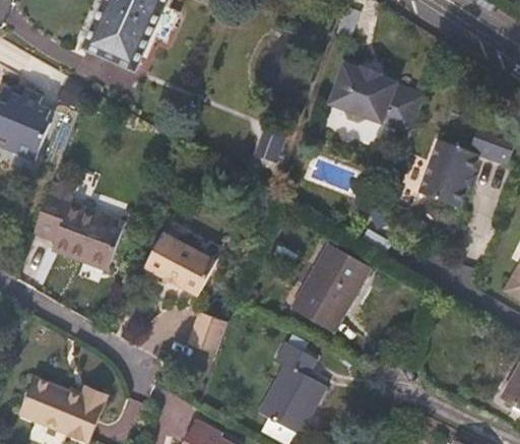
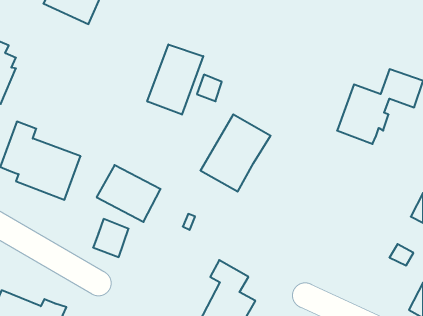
building: [327,62,425,133] -> none
building: none -> [147,44,203,115]
building: [290,244,371,332] -> [200,114,271,192]
building: [186,311,226,355] -> [93,219,129,257]

